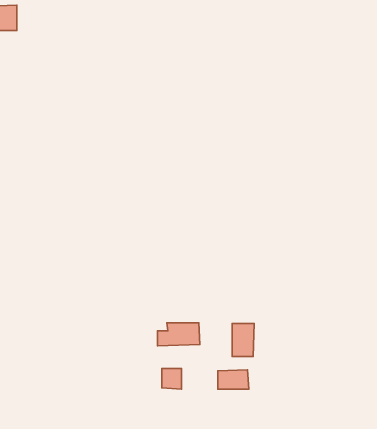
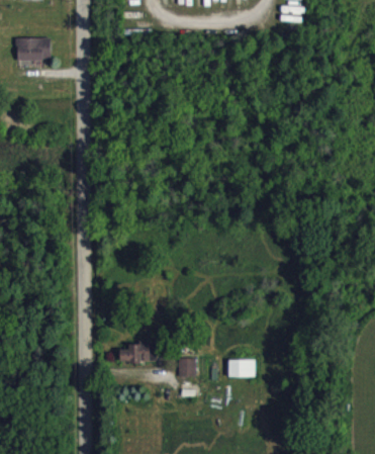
building: [158,323,200,346] -> [119,343,157,363]
building: [232,324,254,356] -> none

